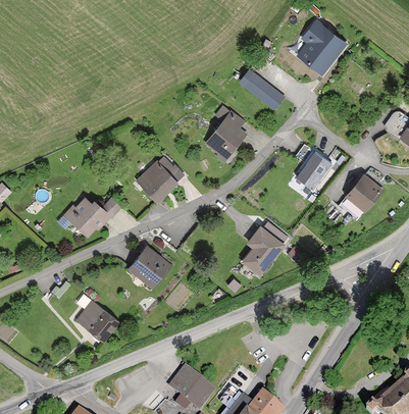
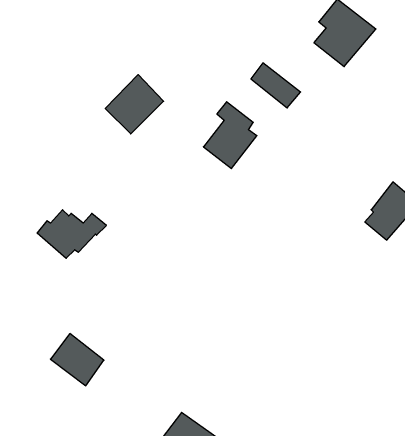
building: [295,143,330,188] -> none
building: [135,152,184,202] -> [105,75,164,134]
building: [240,224,285,275] -> none
building: [125,244,171,289] -> none

